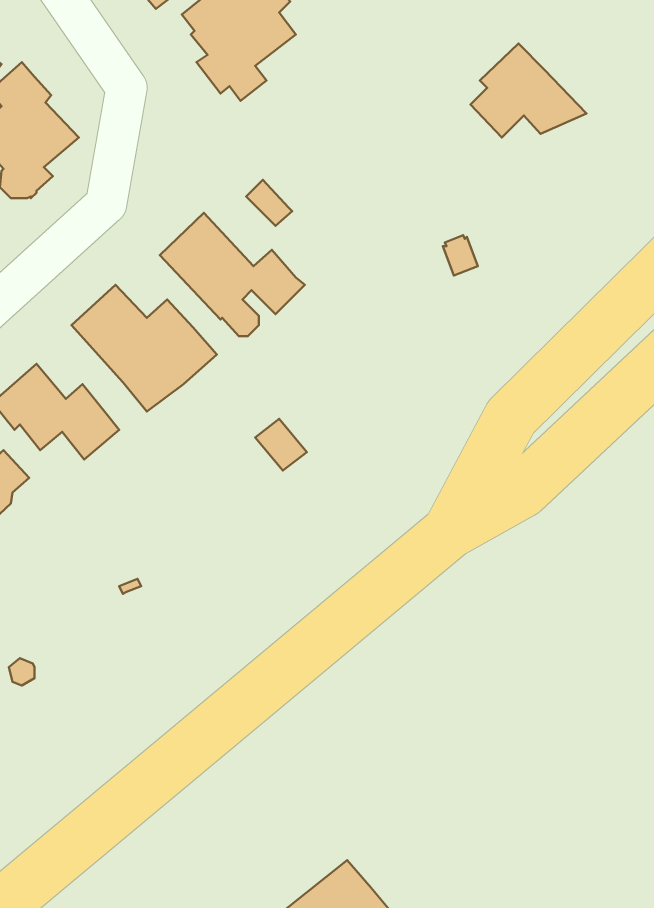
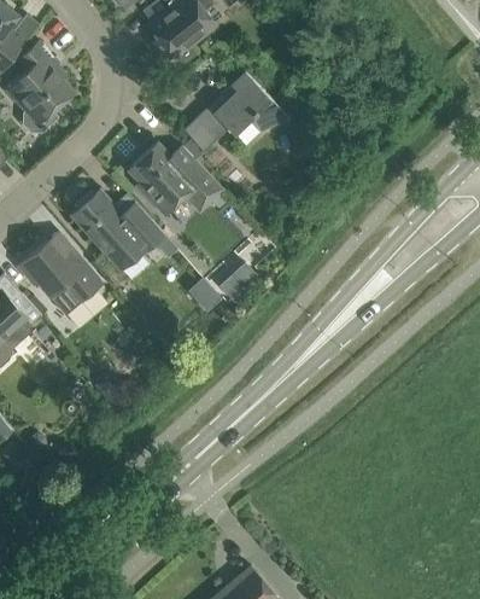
building: [471,44,586,137] -> [213,72,289,134]
building: none -> [218,262,258,301]

